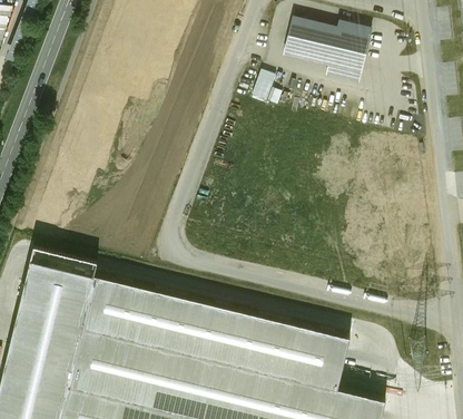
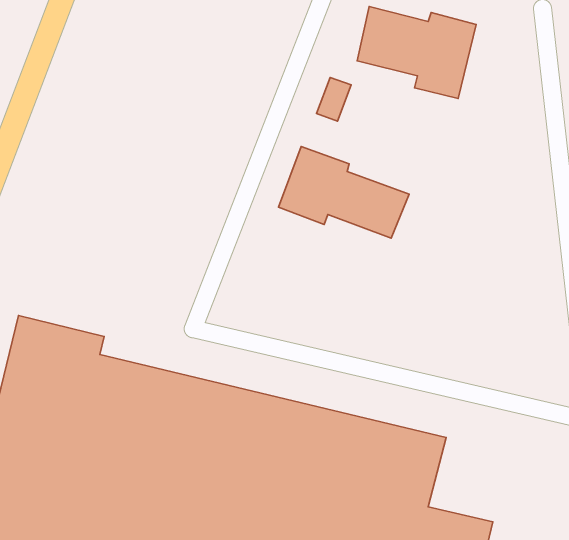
building: none -> [278,147,409,238]

